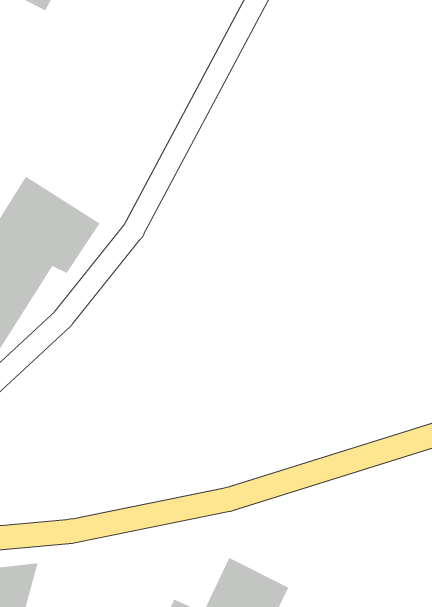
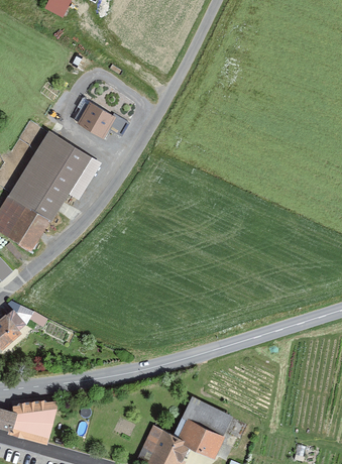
building: none -> [76,101,128,138]

